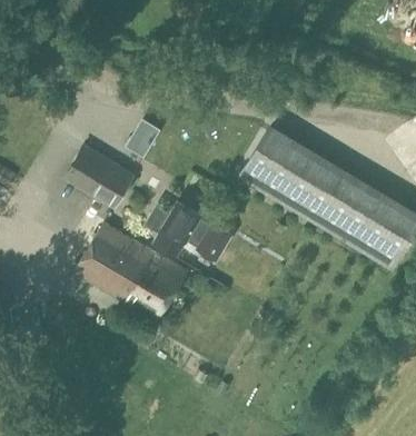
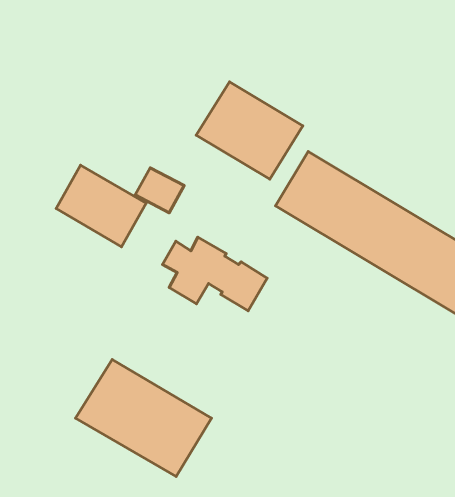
building: none -> [196,82,303,179]
building: [76,220,187,316] -> [75,359,212,477]

